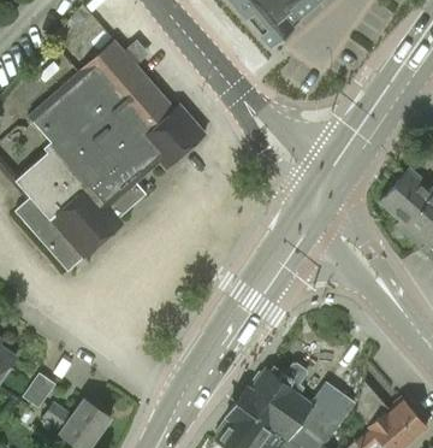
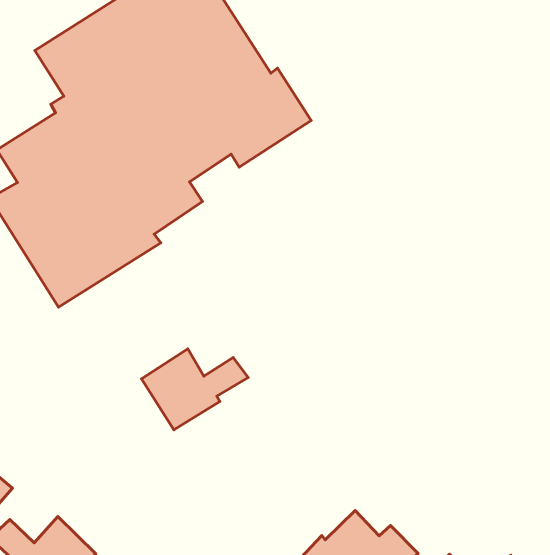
building: none -> [142,349,248,430]

